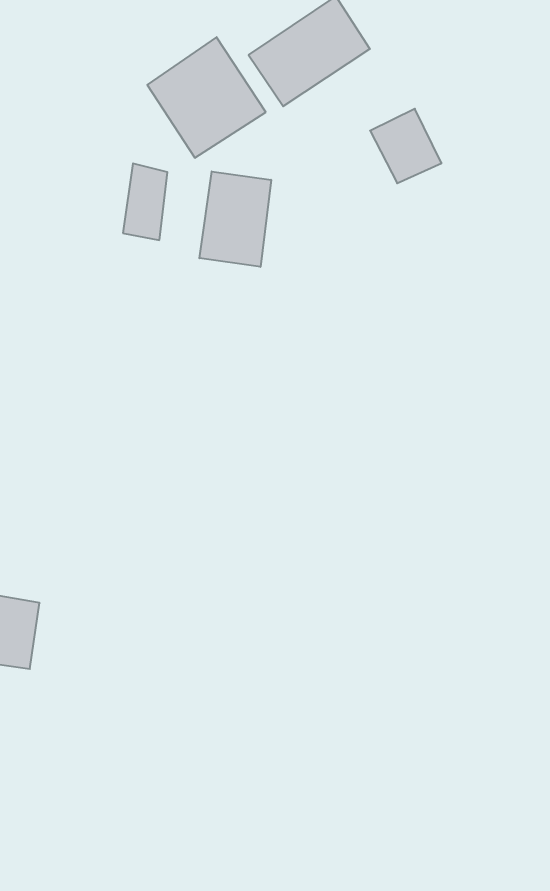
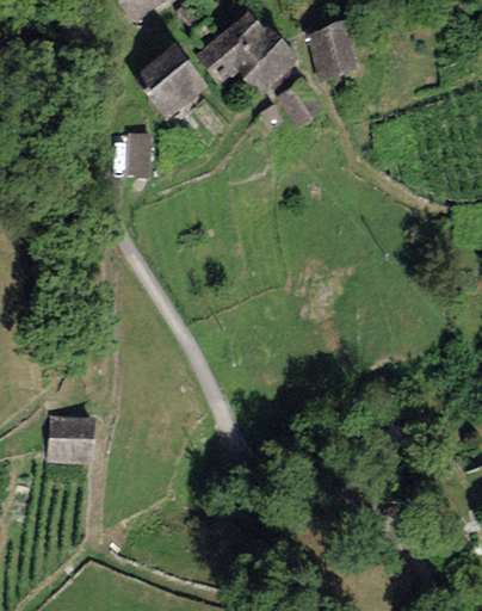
building: none -> [307,23,359,81]
building: none -> [241,42,297,97]
building: [199,171,271,267] -> none

